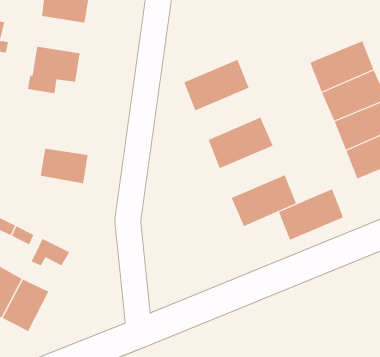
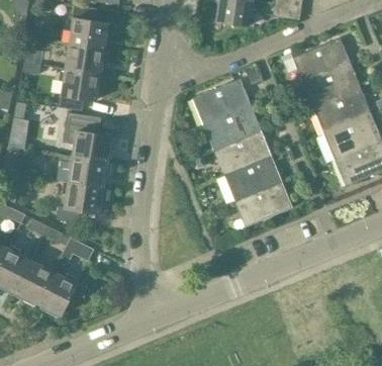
building: none -> [293,38,350,83]
building: none -> [65,42,107,75]
building: none -> [203,105,261,151]
building: none -> [64,113,114,164]
building: none -> [56,182,106,224]
building: [278,189,344,241] -> [224,156,282,201]

